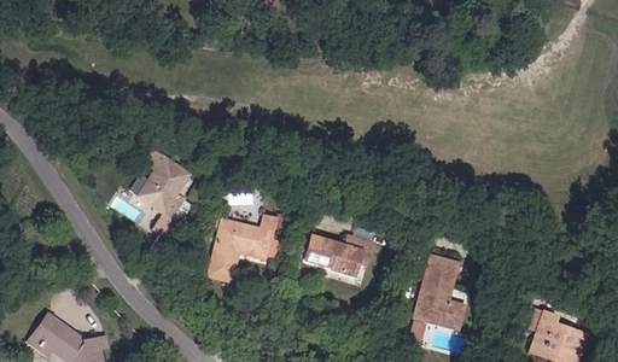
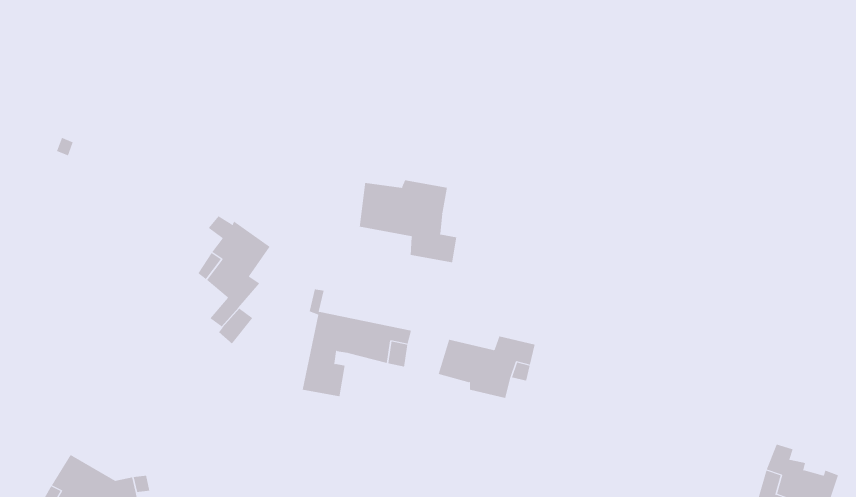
building: none -> [359,179,457,263]
building: [414,252,459,326] -> none

